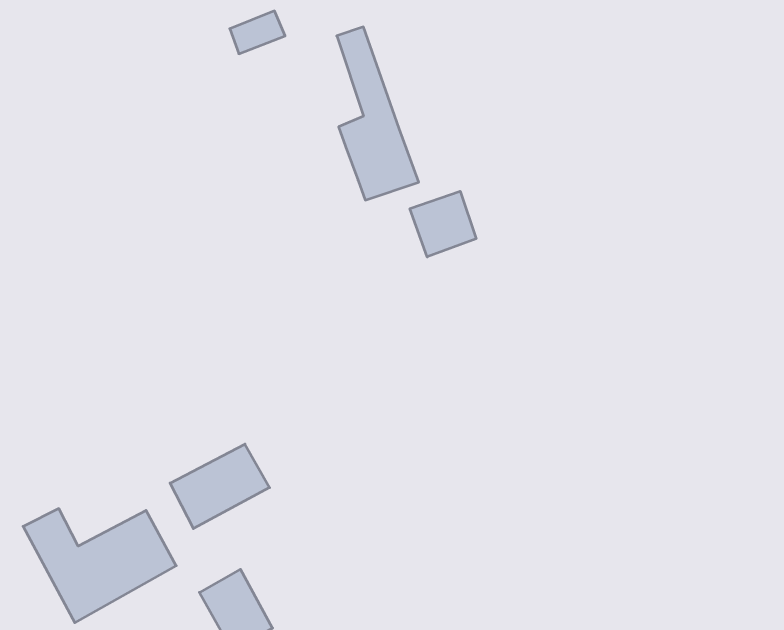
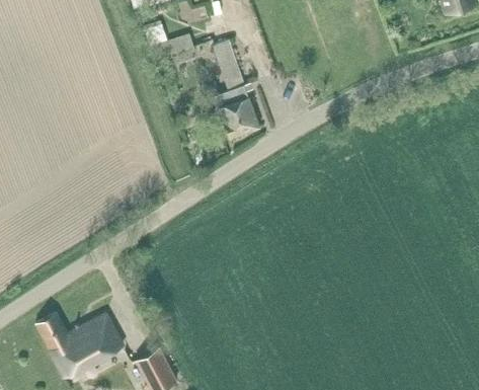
building: [410,191,476,257] -> none
building: [170,444,270,529] -> none

